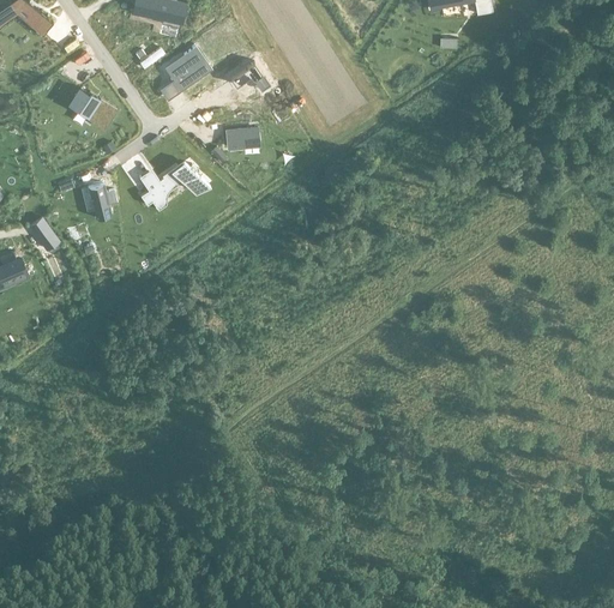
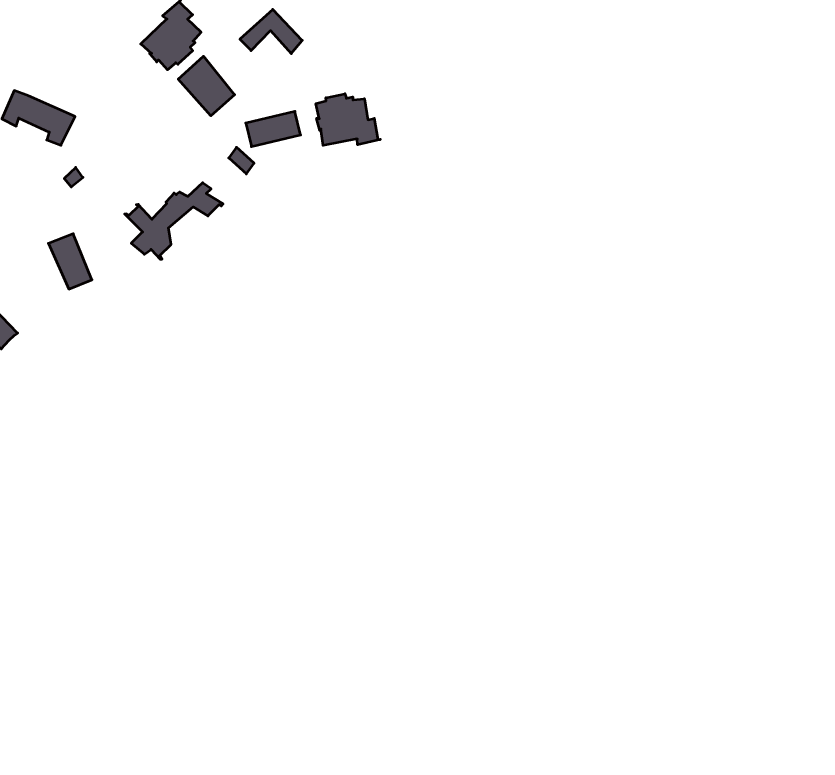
building: none -> [178,56,235,116]
building: none -> [316,94,380,145]

